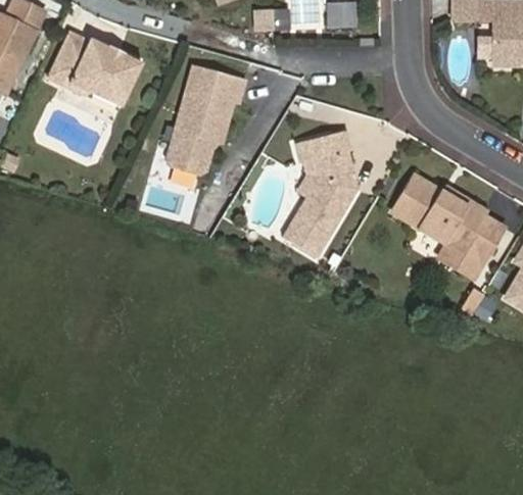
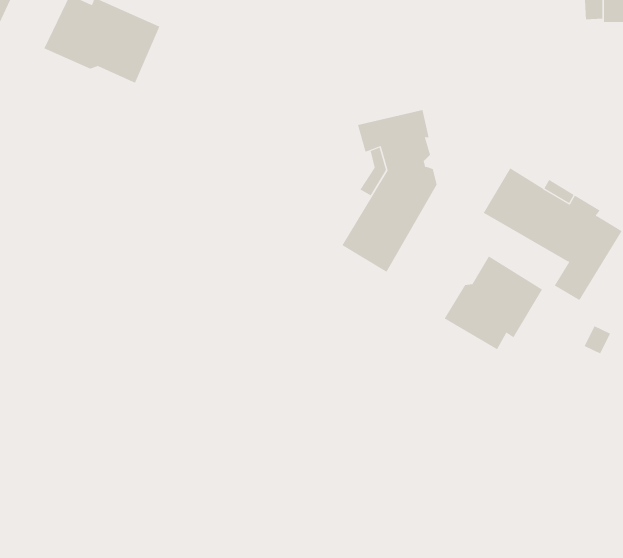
building: [167,67,246,176] -> none
building: none -> [444,256,543,350]

